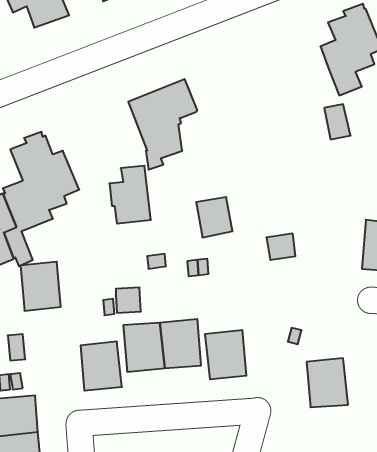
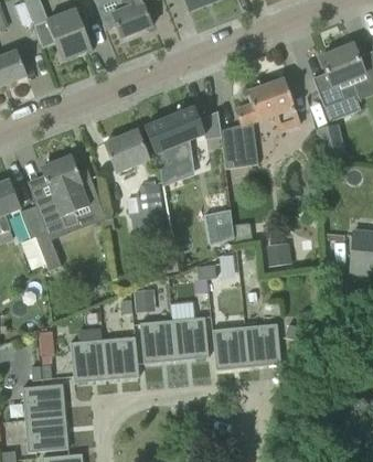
building: none -> [221,77,300,168]
building: none -> [105,128,150,172]
building: [21,262,61,311] -> [71,339,106,382]
building: [307,358,348,407] -> [245,322,281,365]

